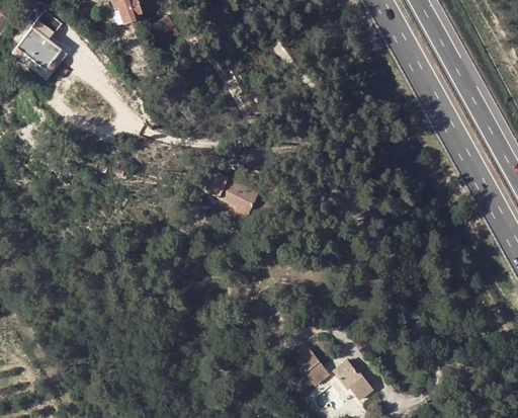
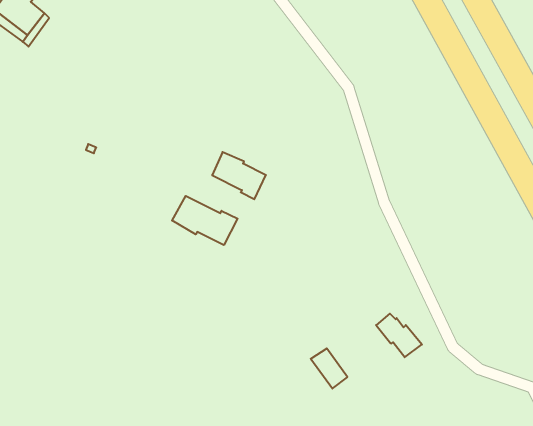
building: none -> [172,196,238,245]
building: [332,360,372,399] -> [376,314,422,357]

